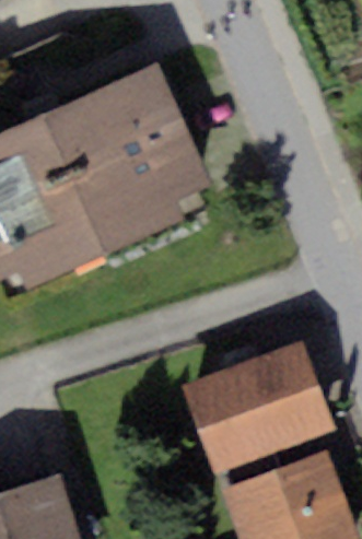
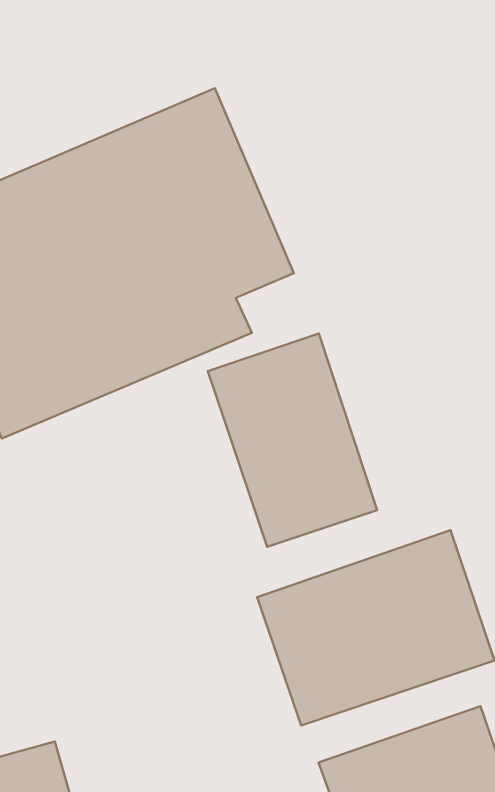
building: none -> [208,334,377,547]

